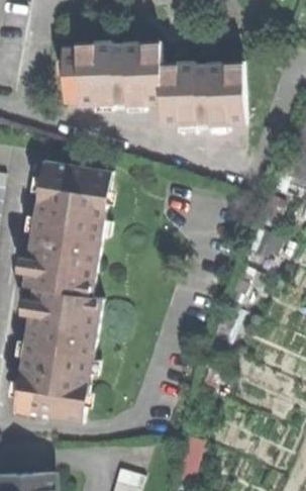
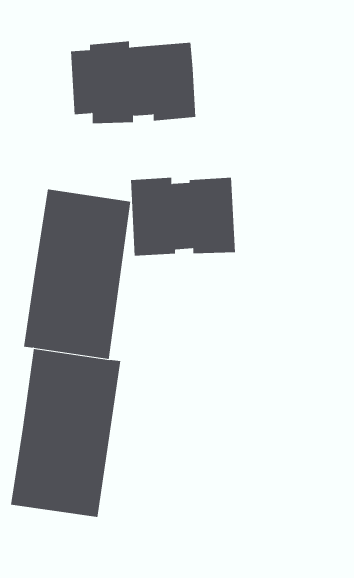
building: [159,63,242,125] -> [130,177,236,256]

